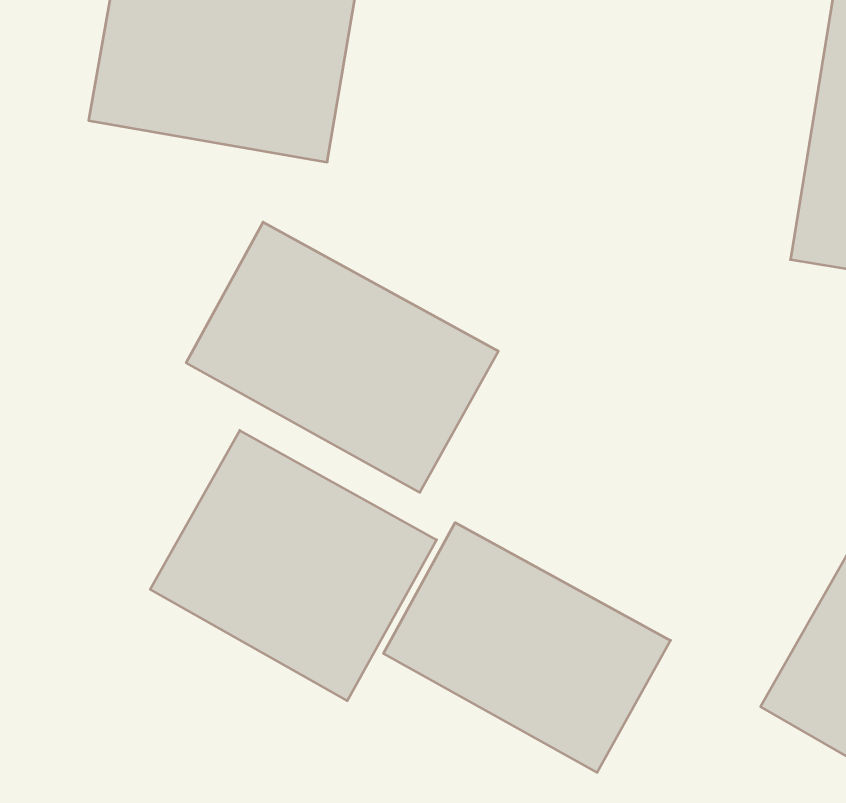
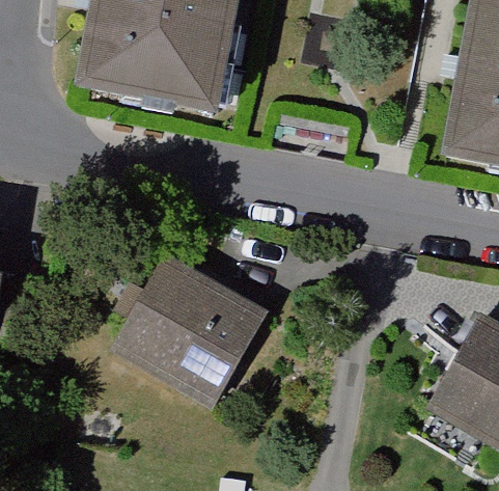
building: [186,222,498,492] -> none
building: [384,523,671,772] -> none

